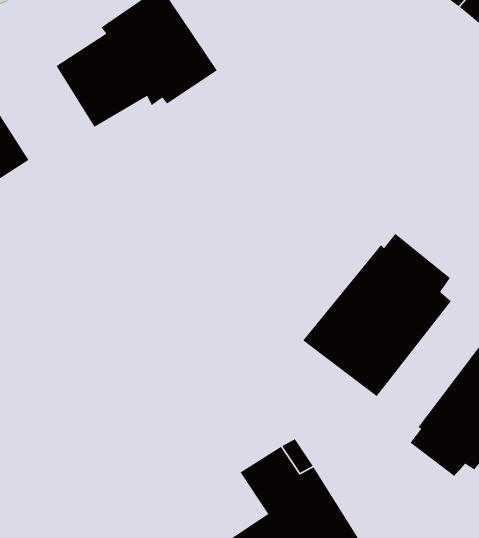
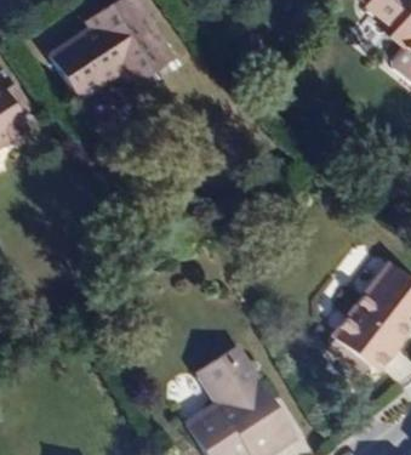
building: [302,233,452,397] -> none

